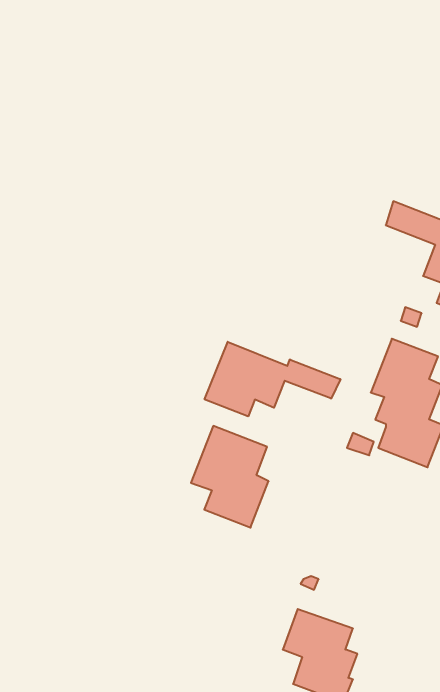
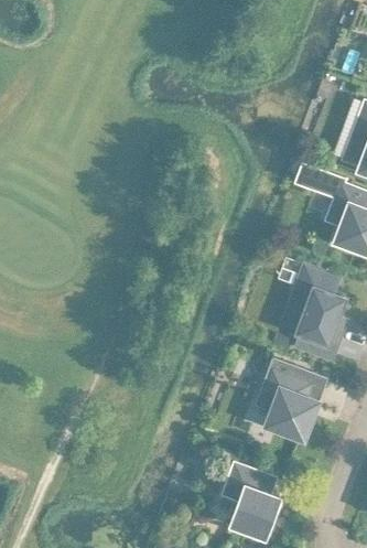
building: [205,342,340,416] -> none
building: [191,426,269,528] -> [259,362,316,437]

